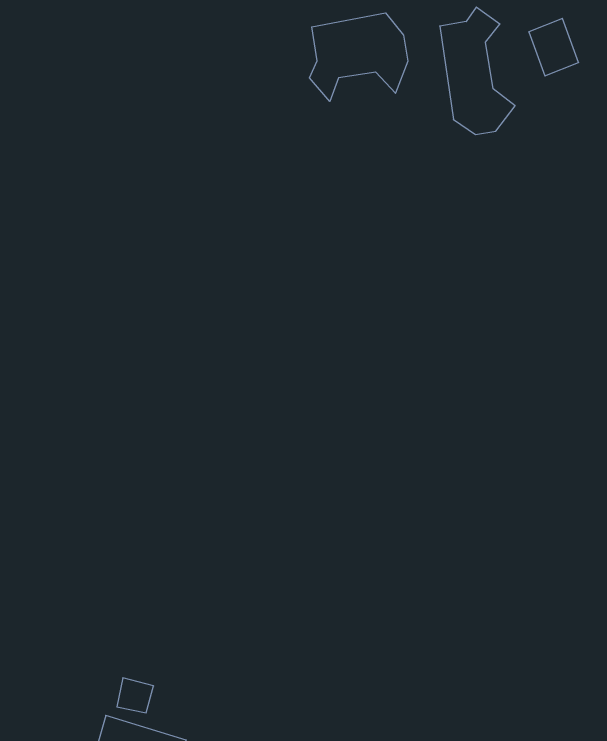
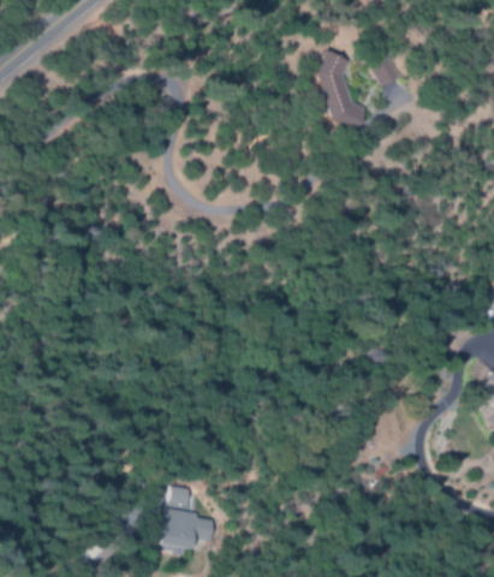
building: [309,13,408,101] -> none

